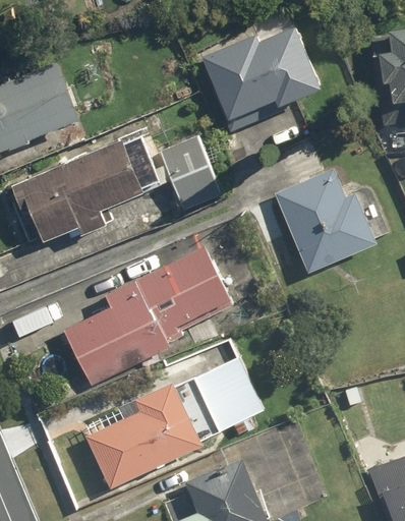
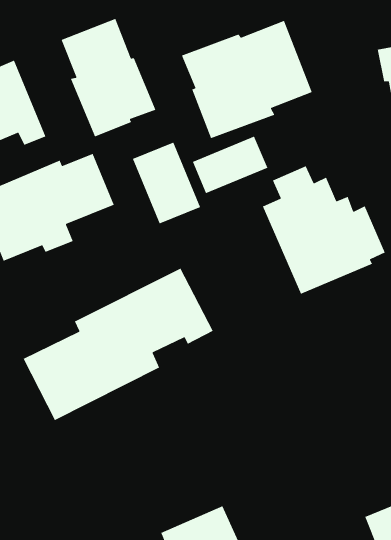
building: none -> [60,18,156,137]
building: none -> [192,136,268,194]
building: [88,359,262,486] -> none

